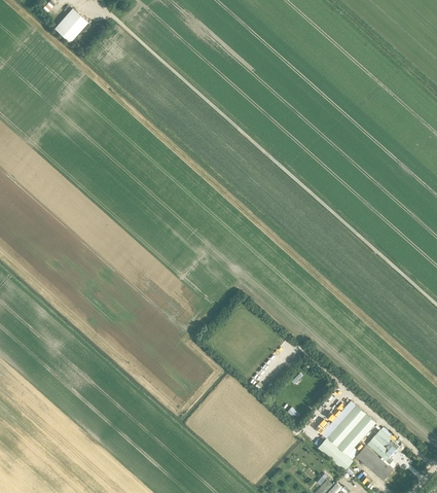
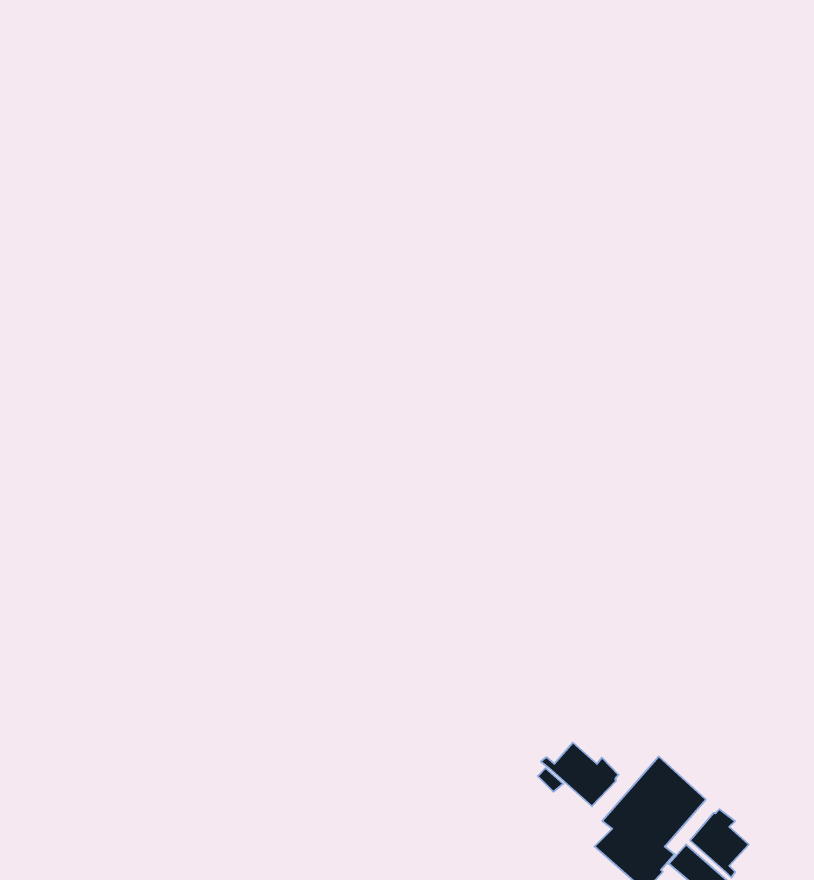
building: [54,9,87,42] -> none
building: none -> [541,743,619,806]

